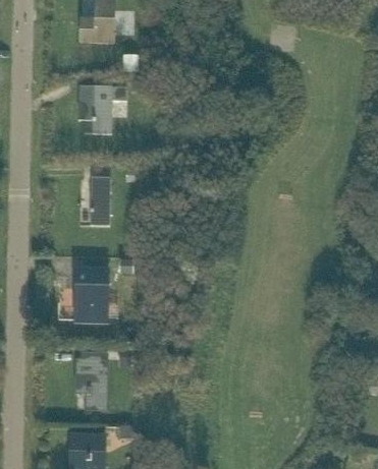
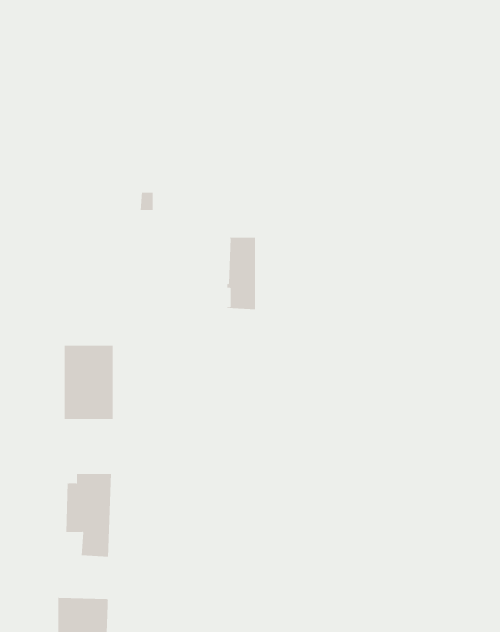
building: [79,85,126,134] -> none
building: [90,178,109,226] -> [227,237,256,310]

